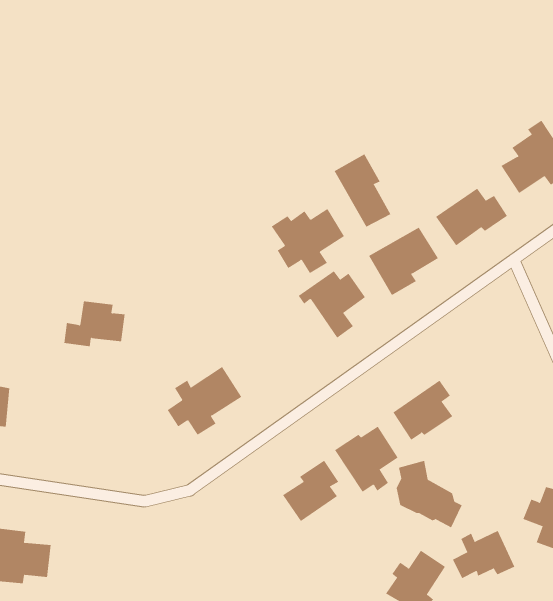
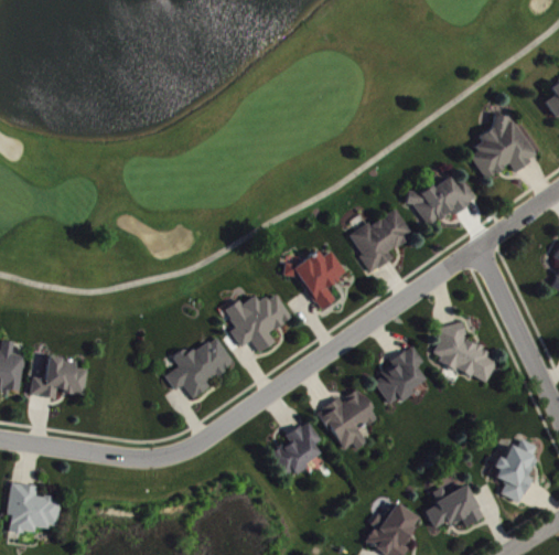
building: [334,153,391,227] -> none
building: [271,208,345,274] -> [224,292,291,352]
building: [64,301,126,347] -> [31,356,87,398]
building: [396,460,463,528] -> [436,321,496,383]

